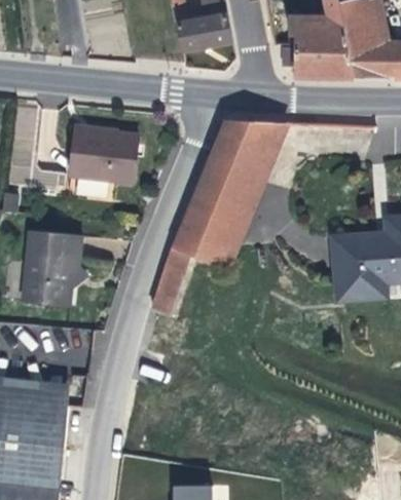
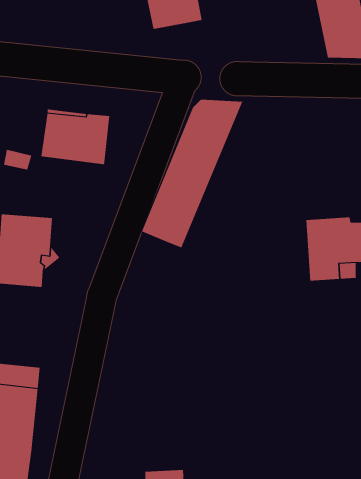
building: [293,26,354,77] -> none
building: [210,120,290,273] -> none
building: [152,248,196,315] -> none

